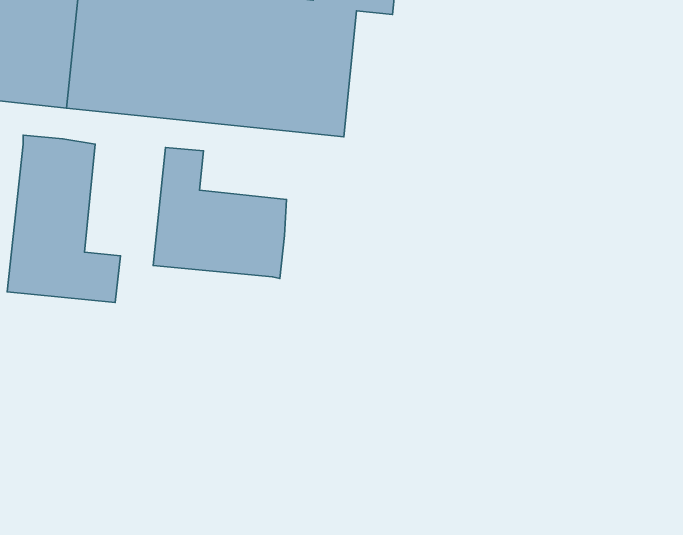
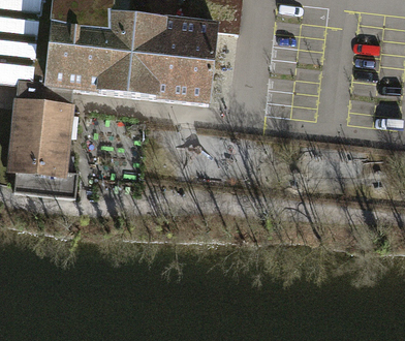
building: [153,148,287,279] -> none

